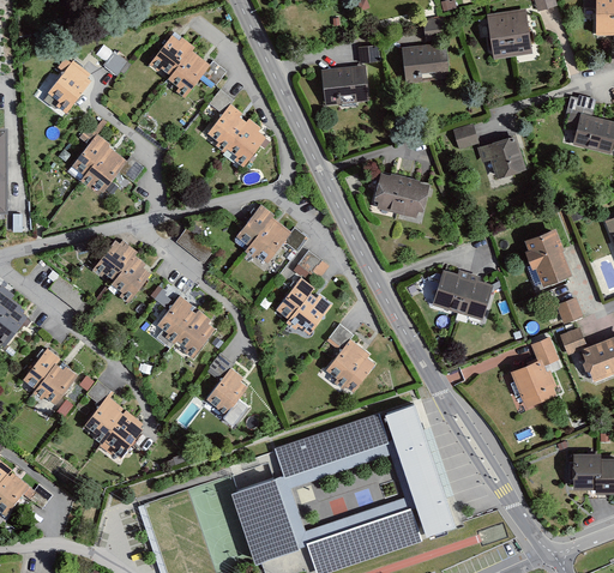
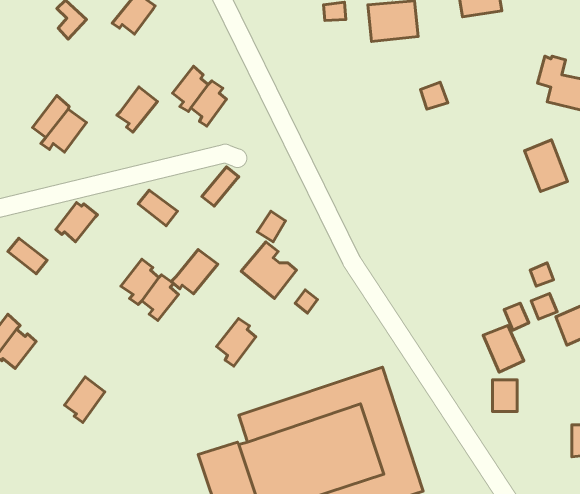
building: [168,52,207,96] -> [117,87,157,132]
building: [49,65,86,111] -> none
building: [319,65,367,104] -> none
building: [475,135,524,179] -> none
building: [375,174,425,215] -> none
building: [245,217,290,260] -> [171,250,218,294]
building: [526,235,568,285] -> [525,140,568,191]
building: [113,254,150,300] -> none
building: [435,276,490,321] -> none
building: [330,344,373,391] -> none
building: [209,368,247,415] -> [216,318,256,366]
building: [86,397,124,440] -> none
building: [574,452,598,483] -> [493,380,517,412]

